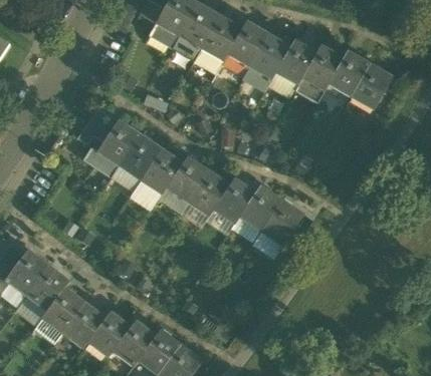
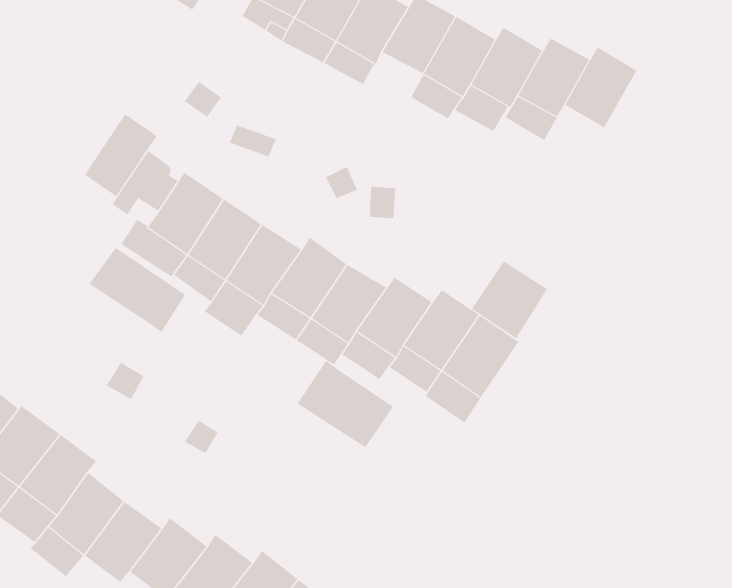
building: [352,63,393,108] -> none
building: none -> [84,113,157,197]
building: none -> [89,247,186,333]
building: none -> [471,260,548,339]
building: none -> [297,360,394,448]

